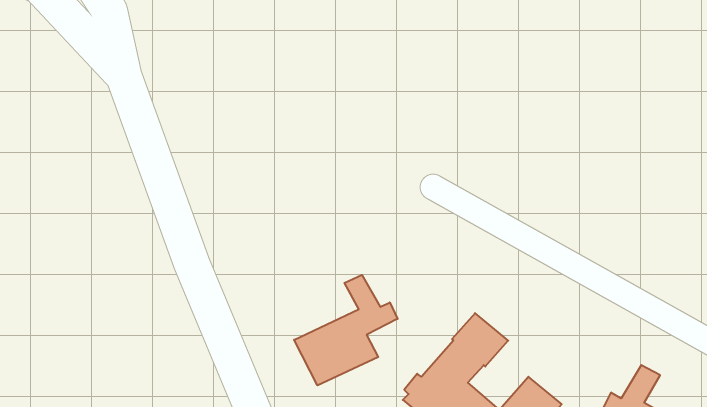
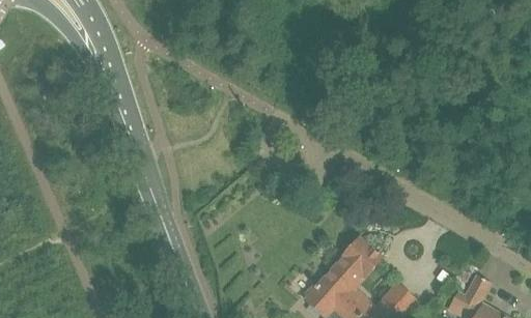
building: [294,275,398,385] -> none

